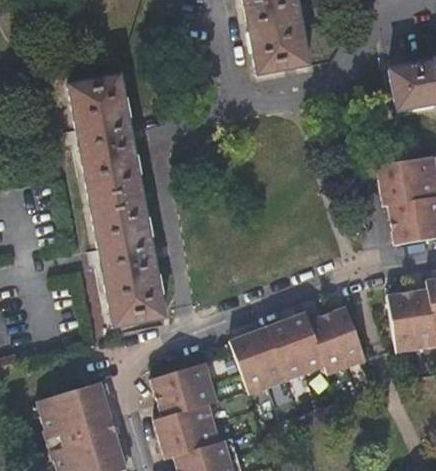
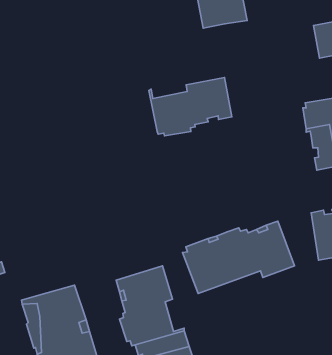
building: [69,77,163,327] -> none
building: none -> [149,78,232,136]

